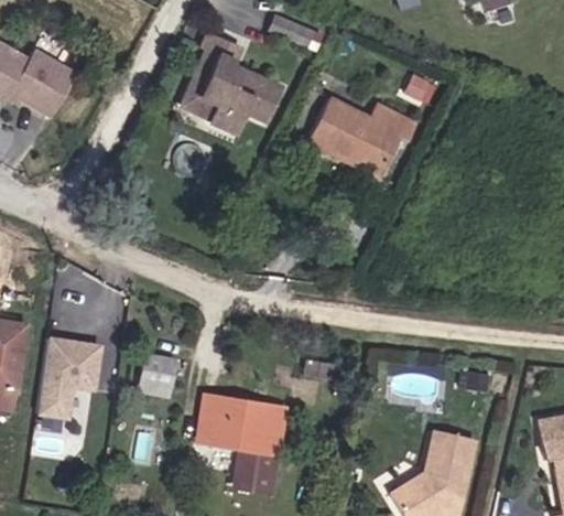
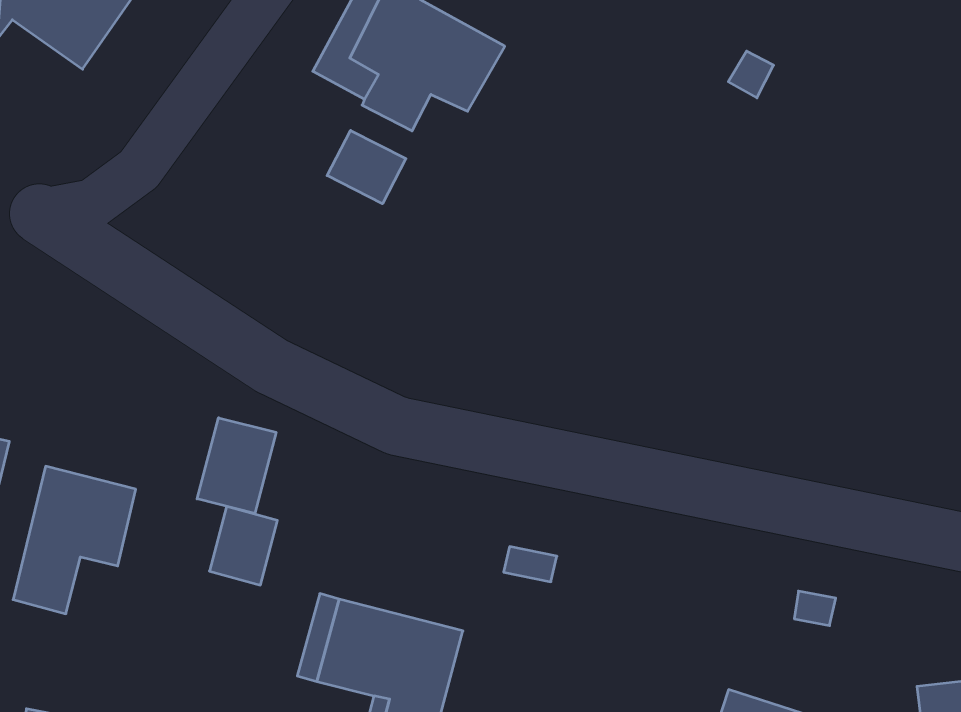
building: [307,96,415,178] -> none
building: none -> [327,130,406,204]
building: none -> [197,418,276,513]

